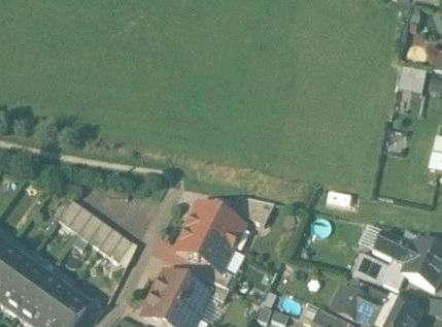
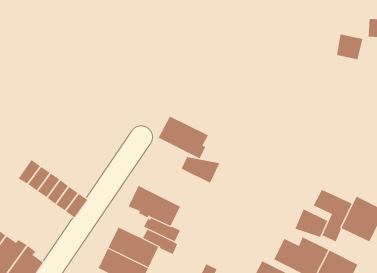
building: [186,202,241,249] -> [158,116,209,159]

